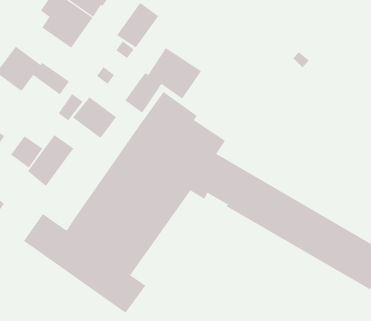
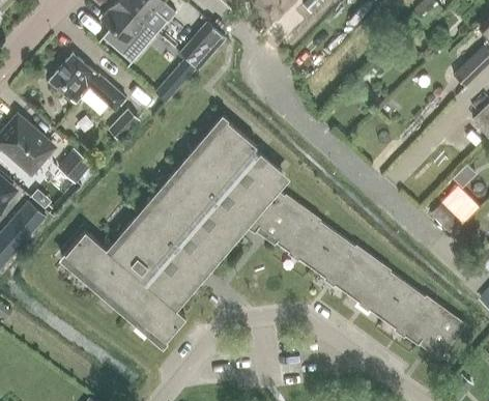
building: [125,47,202,114] -> none
building: [72,97,117,139] -> none
building: [27,134,74,187] -> none

